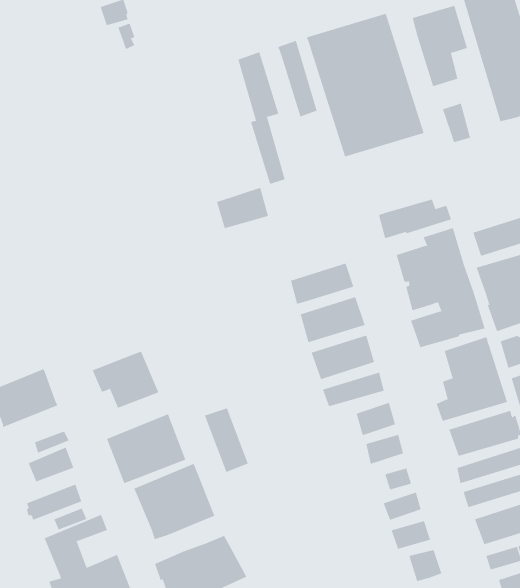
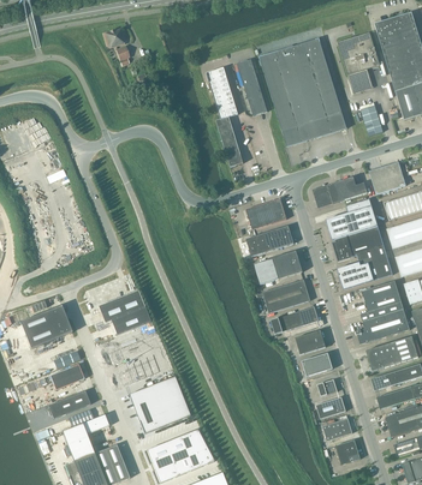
building: none -> [369,161,405,193]
building: [216,187,269,229] -> [246,197,286,228]
building: [204,407,248,473] -> none

